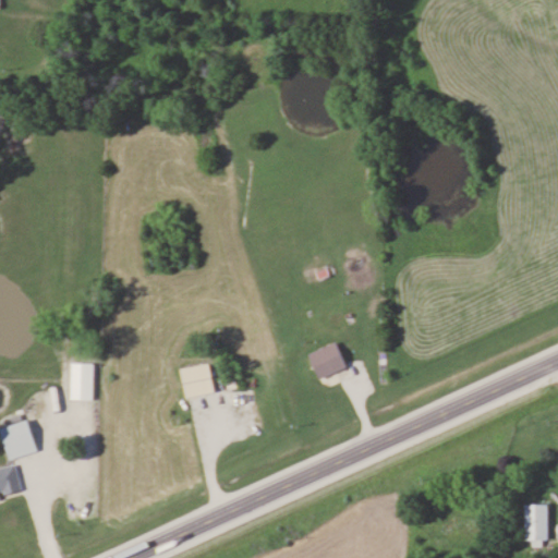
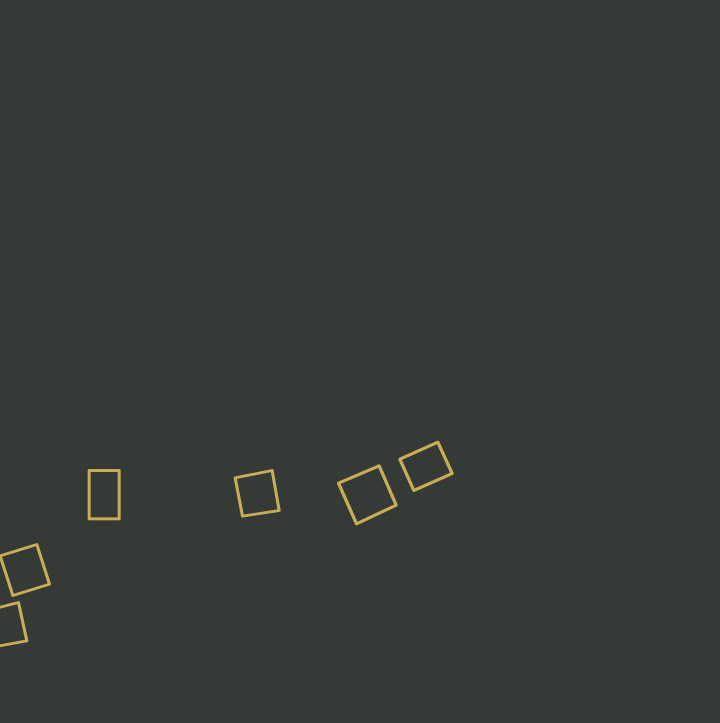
building: none -> [339,466,396,524]
building: [524,504,548,541] -> none

